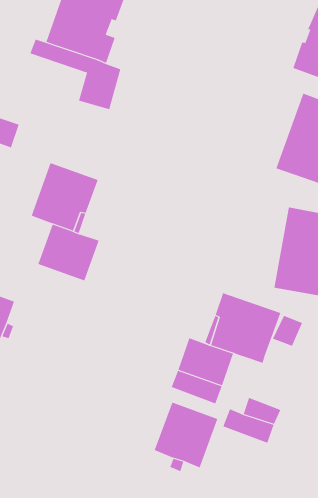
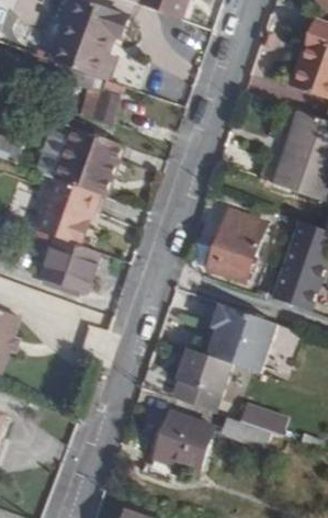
building: none -> [54,126,126,196]
building: none -> [206,209,267,282]

